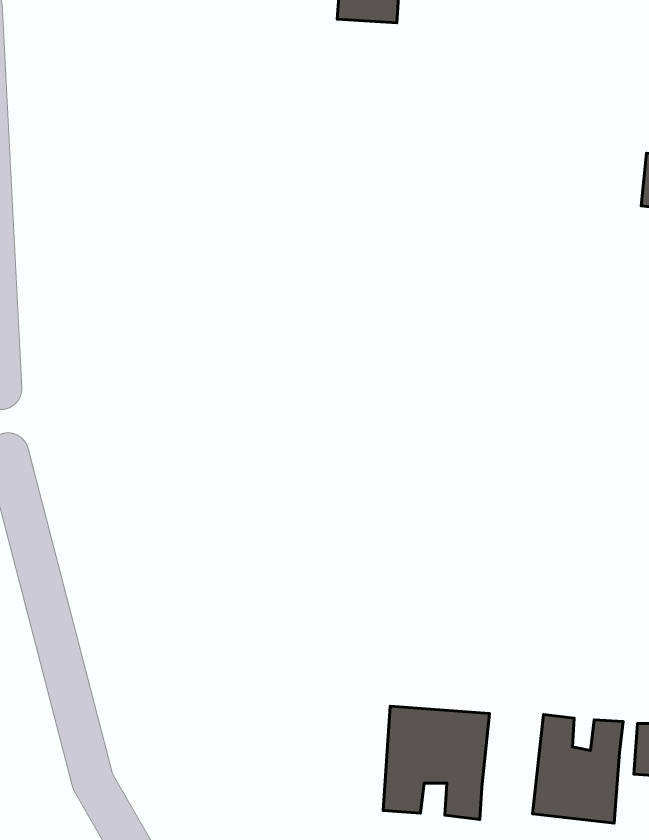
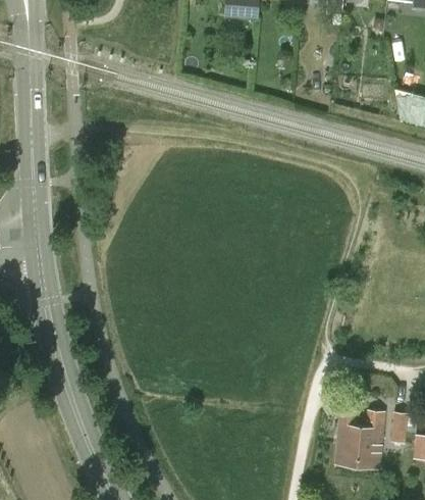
building: [383,706,490,819] -> none

